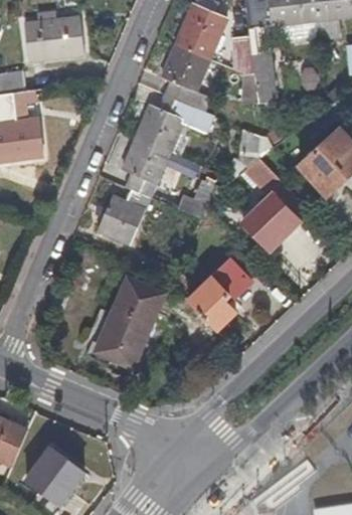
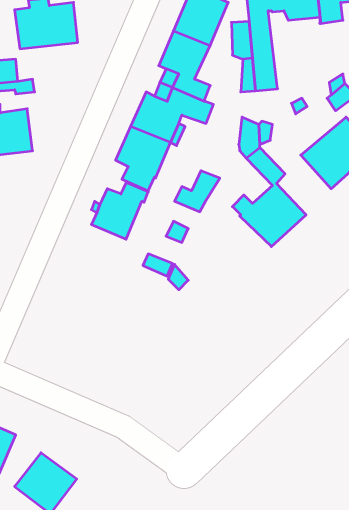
building: [186,256,252,329] -> none
building: [84,277,165,374] -> none

